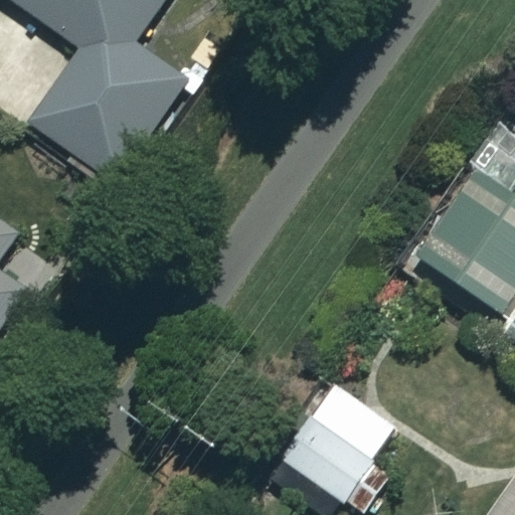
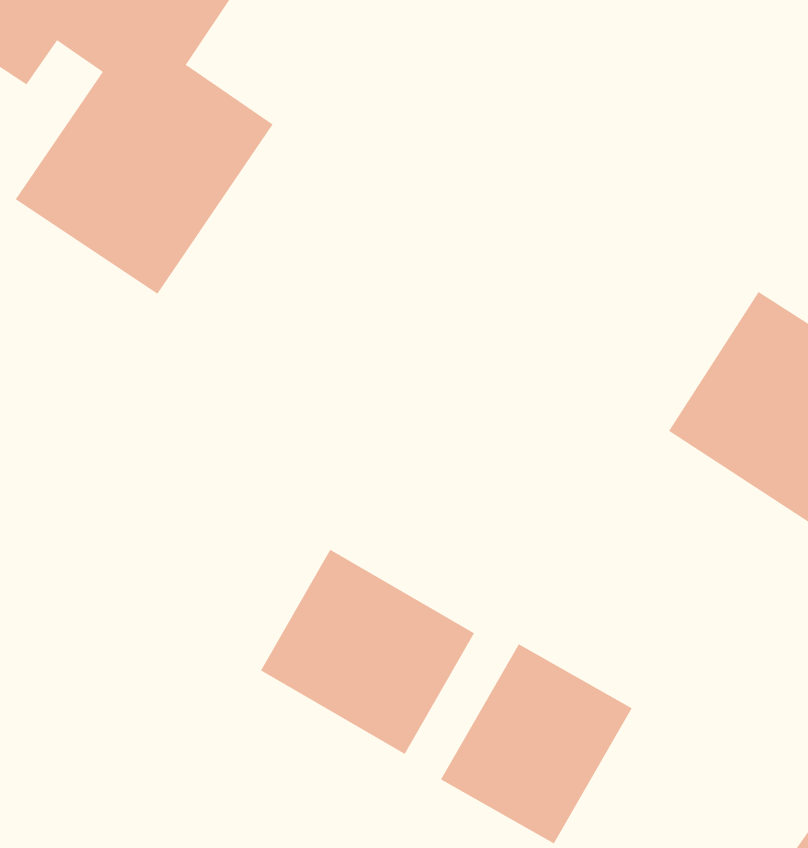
building: none -> [260,549,475,755]

